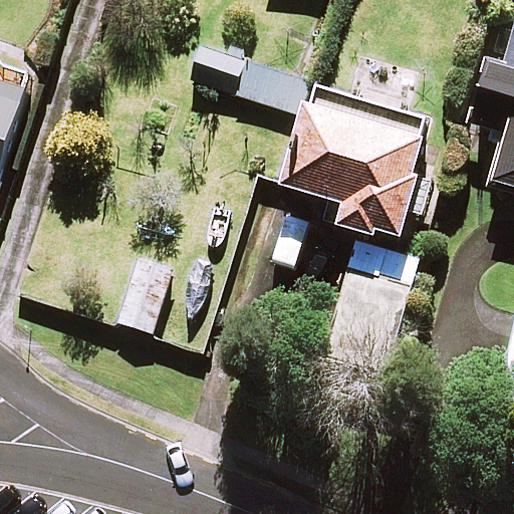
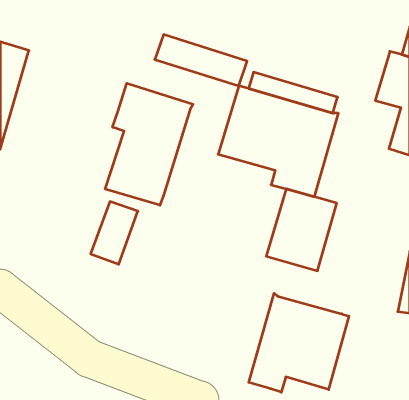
building: none -> [105,83,193,205]
building: none -> [249,293,349,392]

